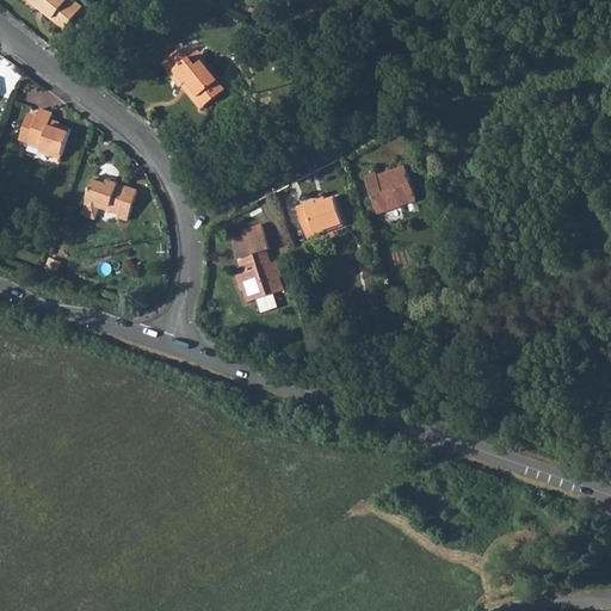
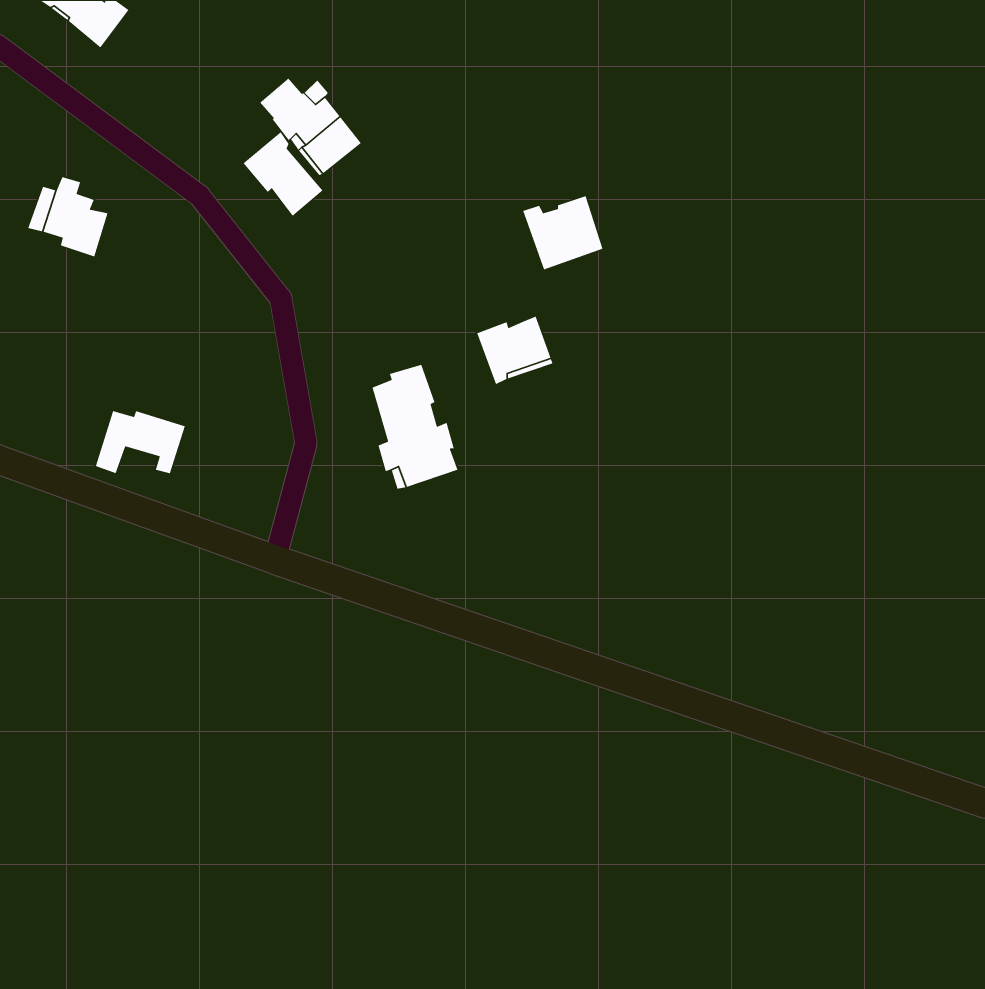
building: none -> [243,131,323,217]
building: [363,166,413,212] -> [522,195,604,270]
building: [80,180,136,220] -> [95,410,186,474]

